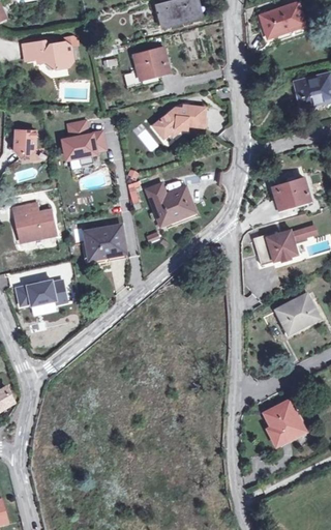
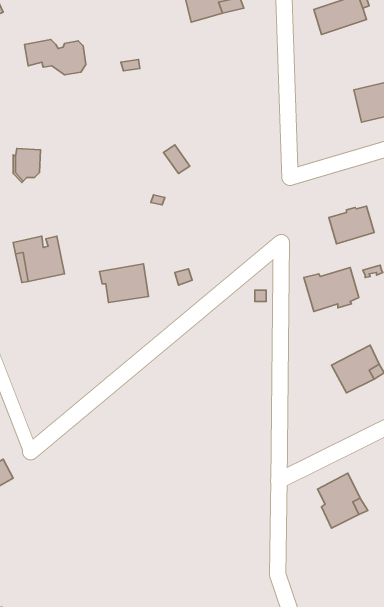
building: [123,48,169,86] -> none
building: [153,107,205,139] -> none
building: [63,120,104,165] -> none
building: [146,183,190,226] -> none
building: [16,279,66,305] -> none

